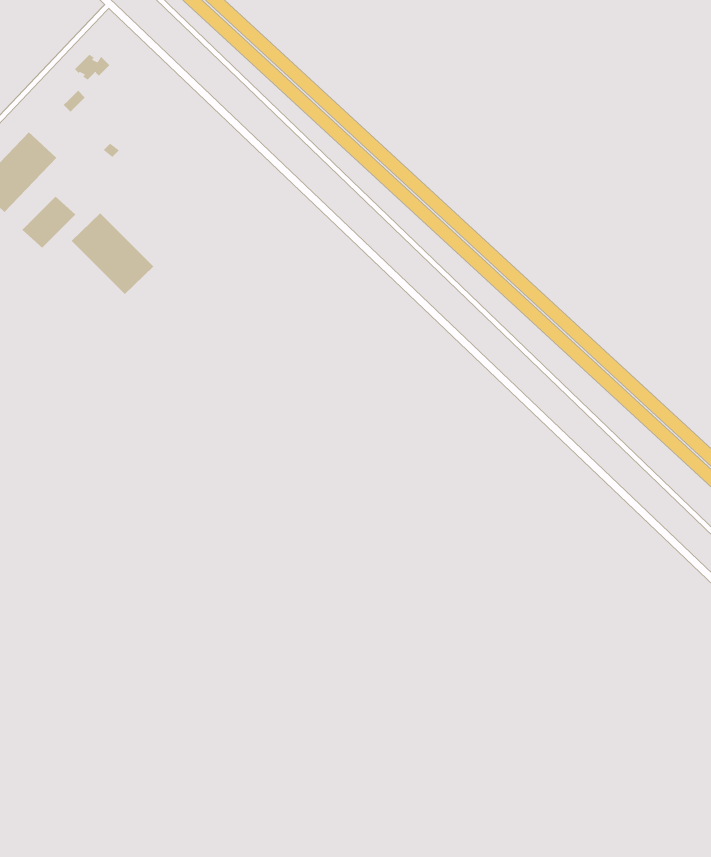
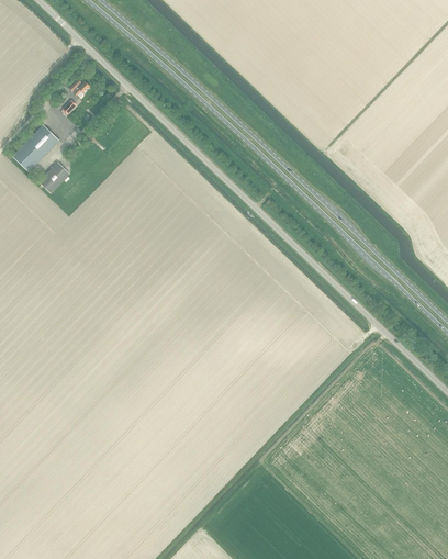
building: [71,212,154,295] -> none

